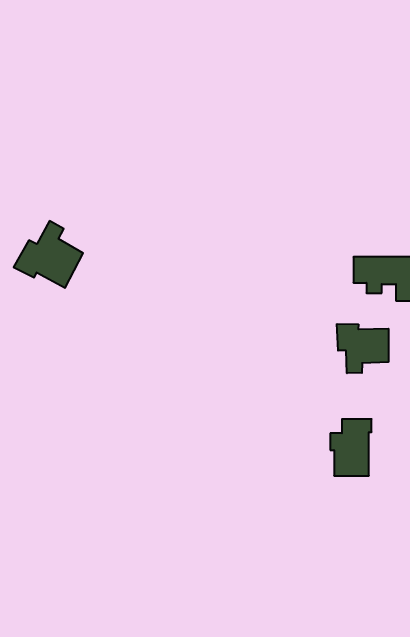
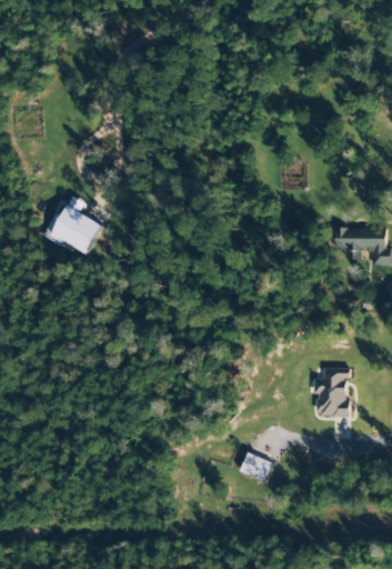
building: [337,324,388,373] -> none
building: none -> [240,447,273,481]

